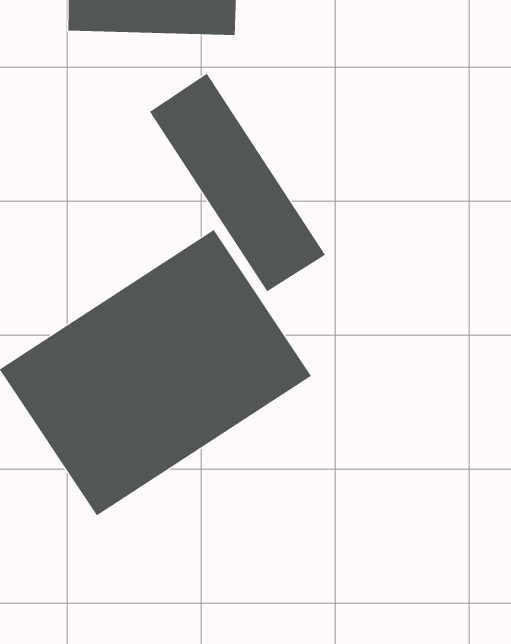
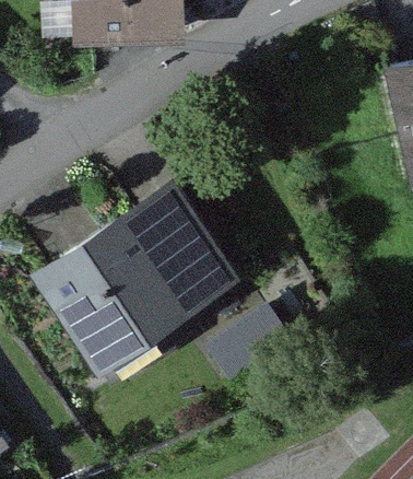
building: [149,73,326,292] -> none

